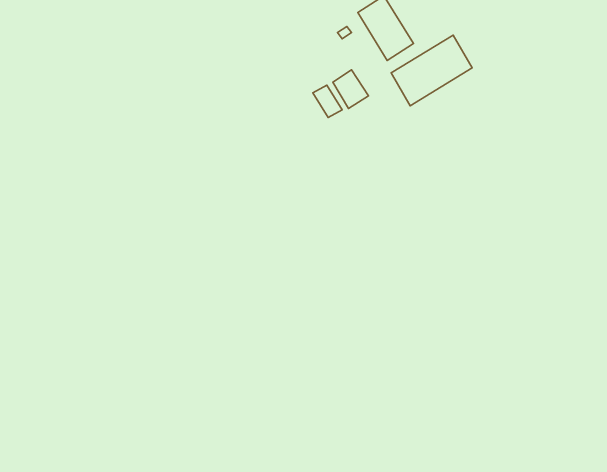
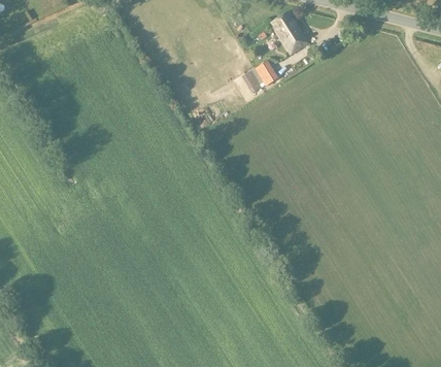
building: [391,35,472,106] -> none

